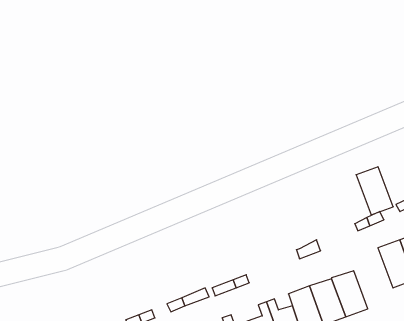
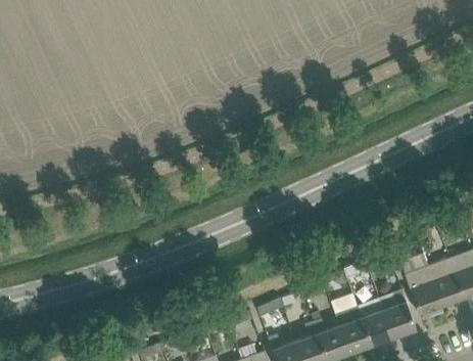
building: [356,167,393,215] -> [405,267,442,316]

